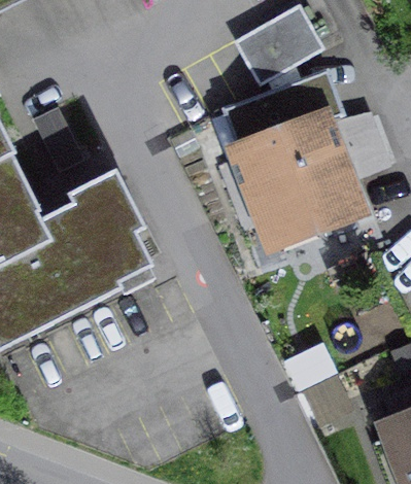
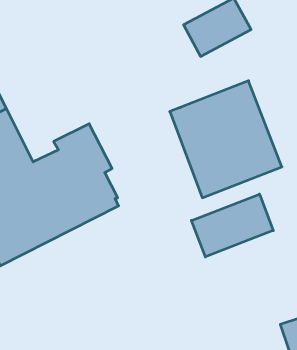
building: [218,66,332,145] -> none
building: none -> [191,194,273,257]

